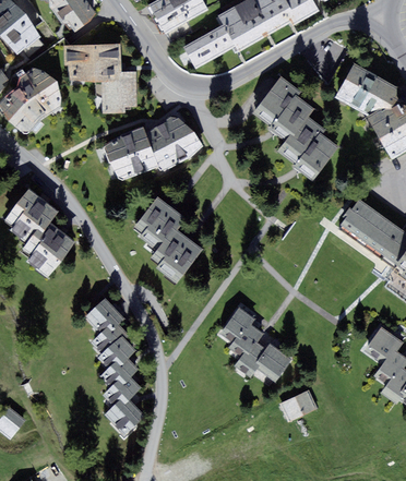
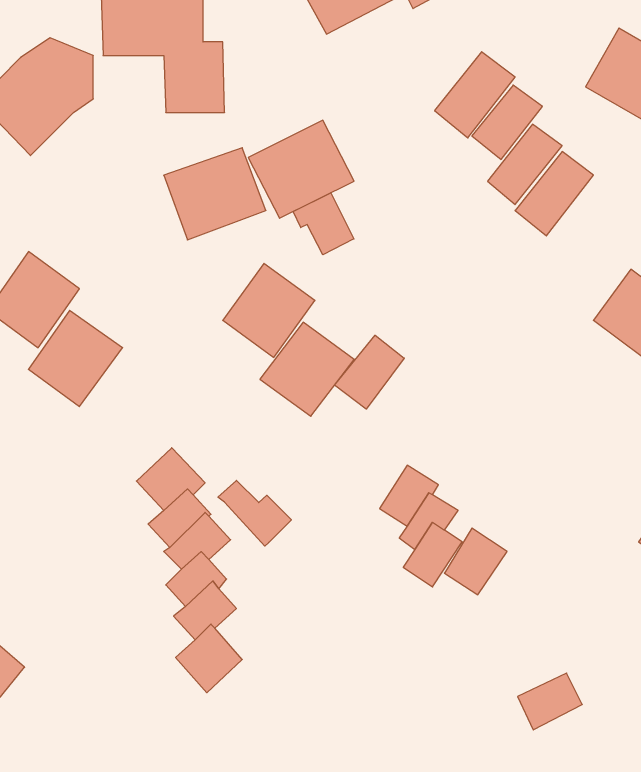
building: none -> [293,193,354,255]
building: none -> [335,335,404,409]
building: none -> [218,480,291,546]
building: [279,388,315,420] -> [518,673,582,730]

